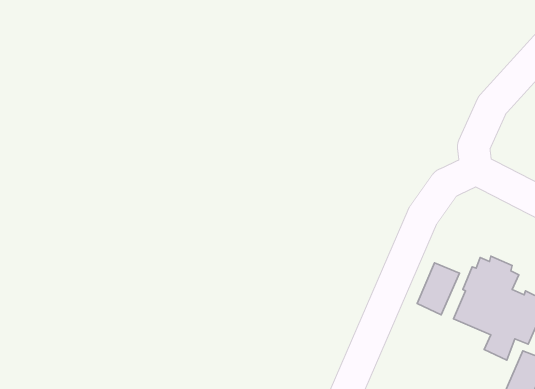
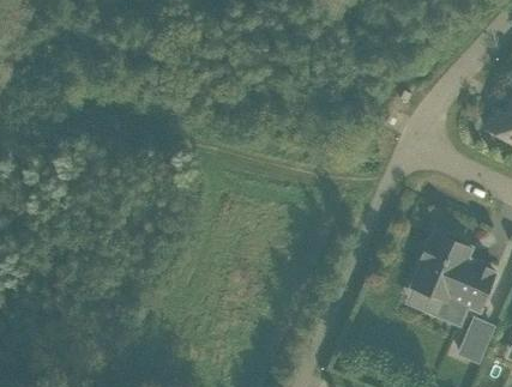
building: [417,263,459,315] -> none

